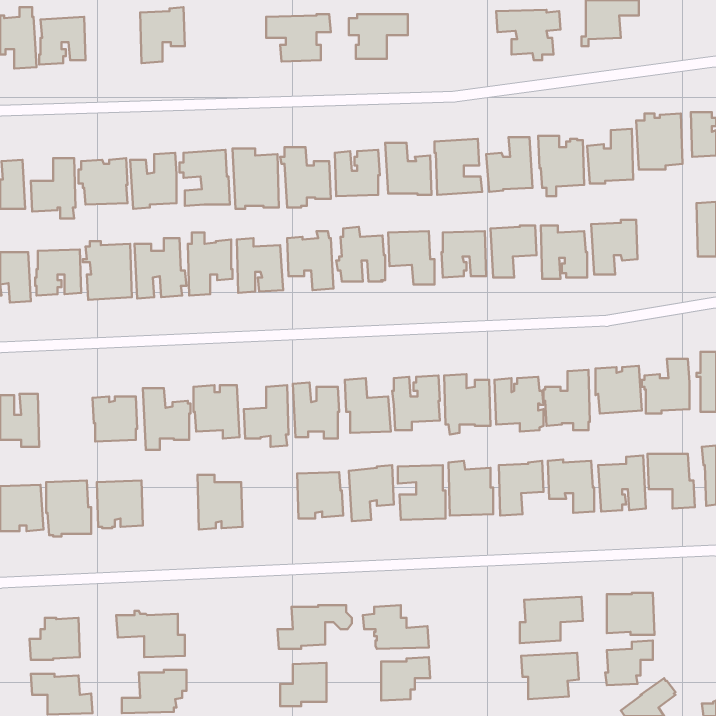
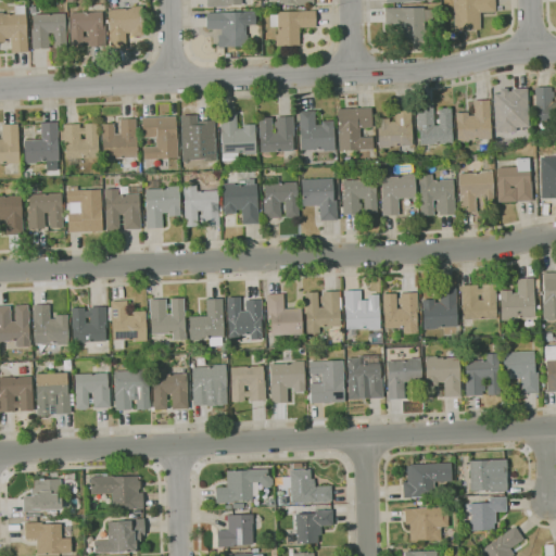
building: none -> [70,12,106,48]
building: none -> [496,159,532,202]
building: none -> [33,304,70,345]
building: none -> [192,364,227,406]
building: none -> [114,369,150,410]

